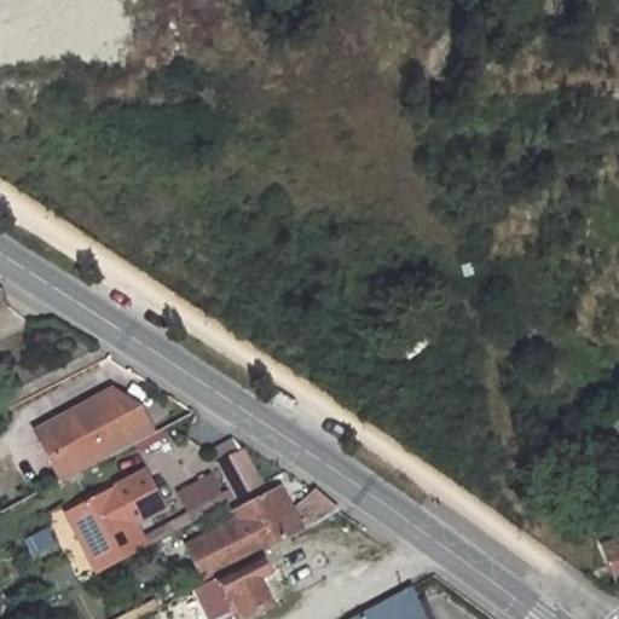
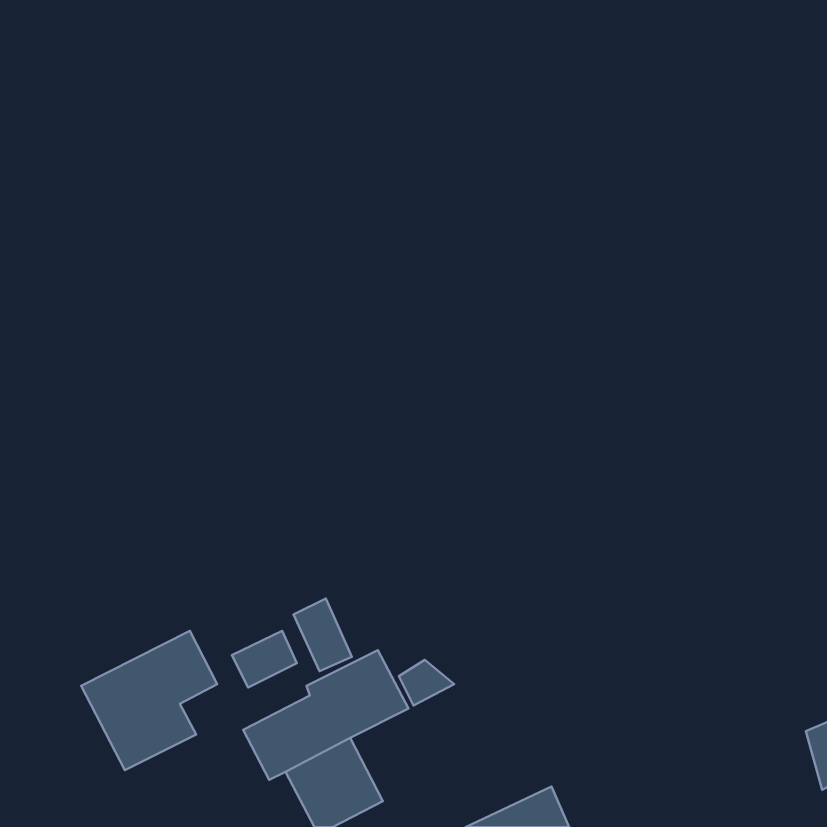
building: [29,384,156,480] -> none

